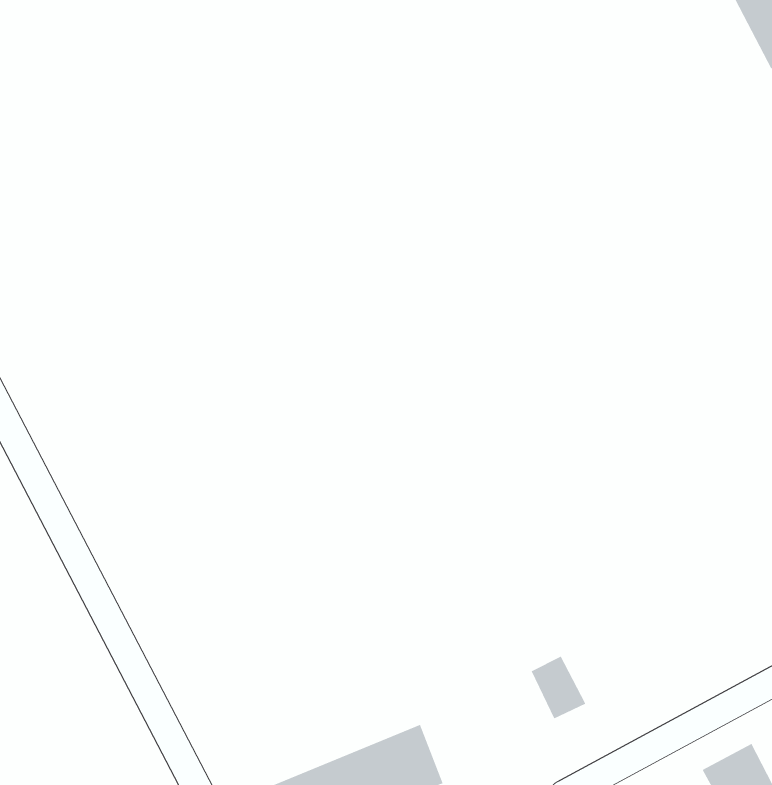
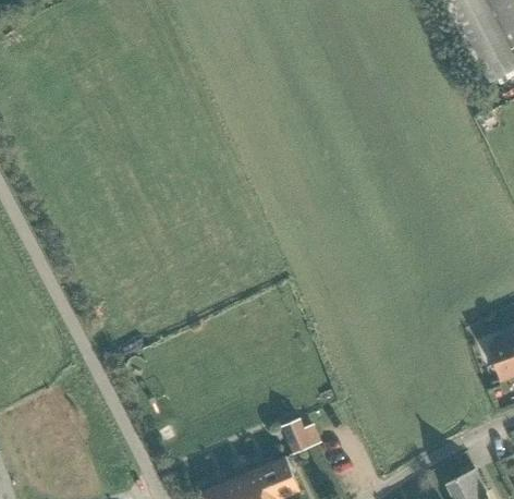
building: [531,656,586,719] -> [284,419,316,455]

